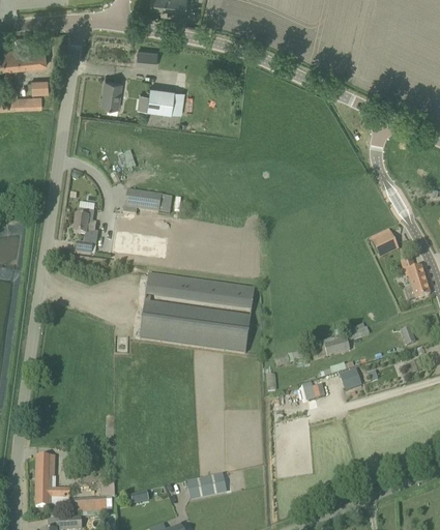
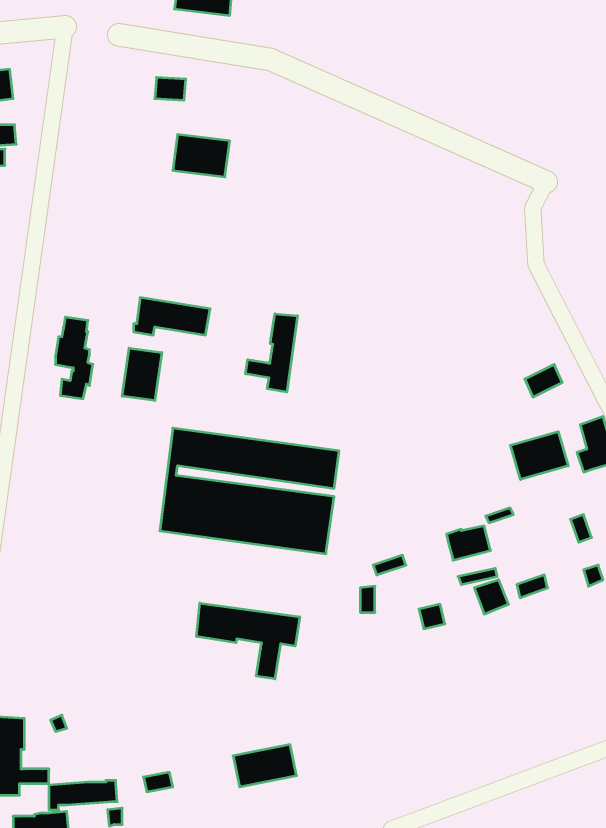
building: [102,80,122,108] -> none
building: none -> [246,314,297,392]
building: none -> [122,348,162,401]
building: none -> [510,432,568,480]
building: none -> [197,603,300,679]

